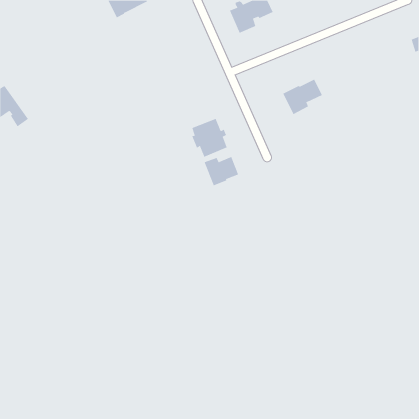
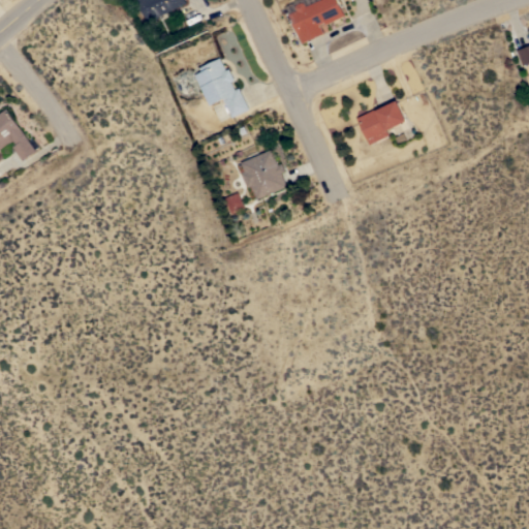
building: none -> [194,57,249,118]
building: [204,156,239,186] -> none

